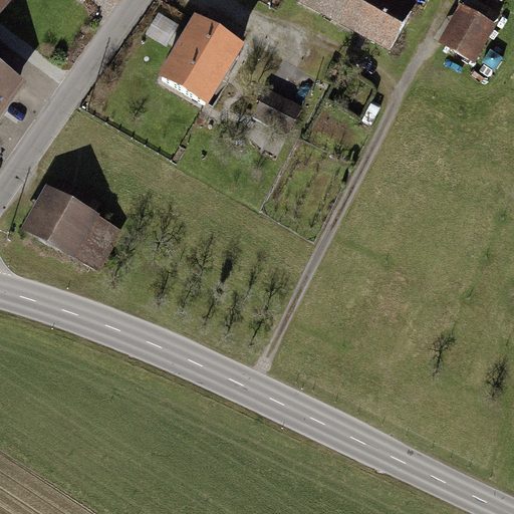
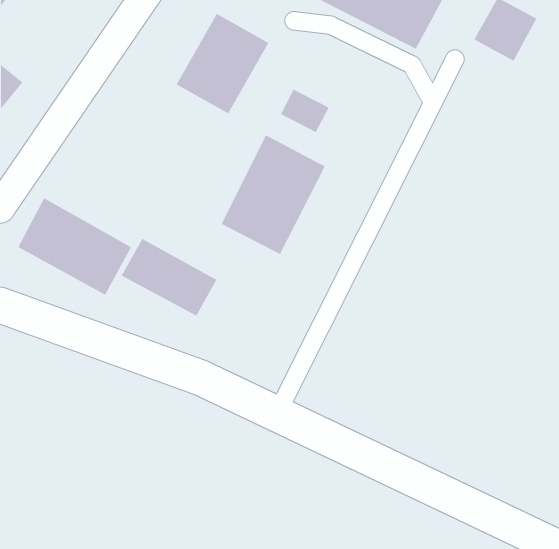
building: none -> [221,135,326,255]
building: none -> [121,238,217,317]

